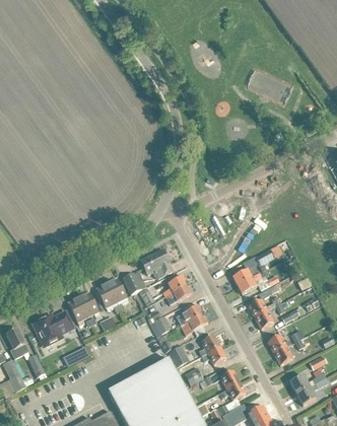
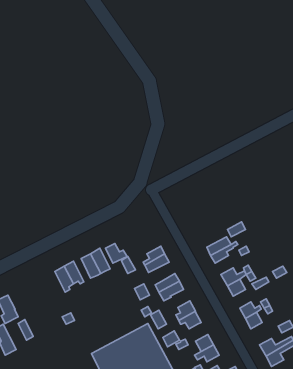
building: [140,248,173,277] -> none
building: [32,310,74,346] -> none

